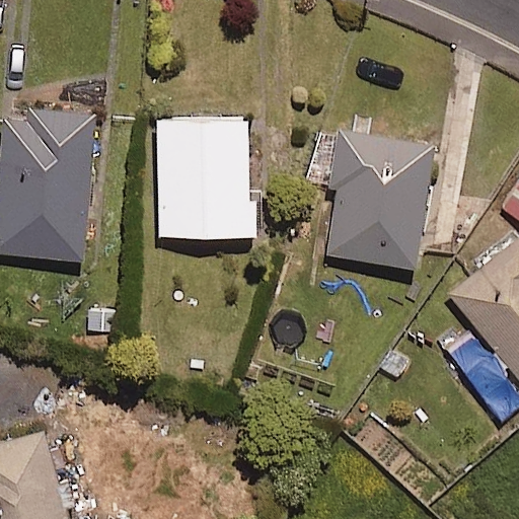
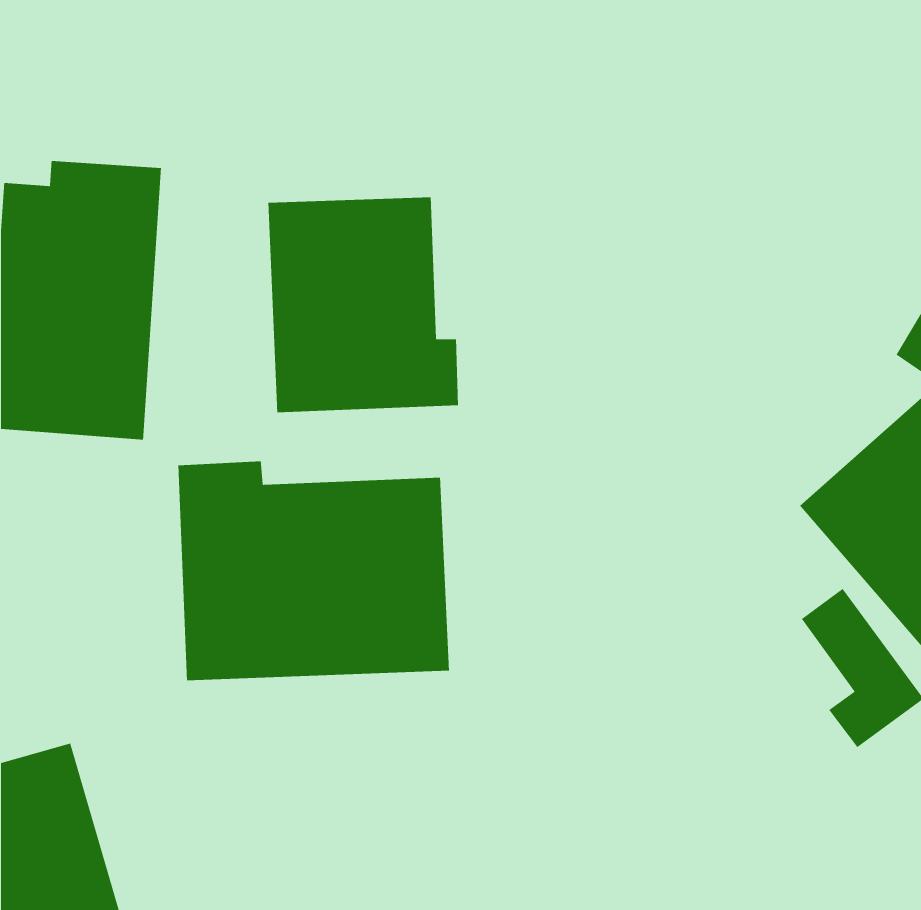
building: [325,142,428,276] -> none
building: none -> [177,460,450,681]

